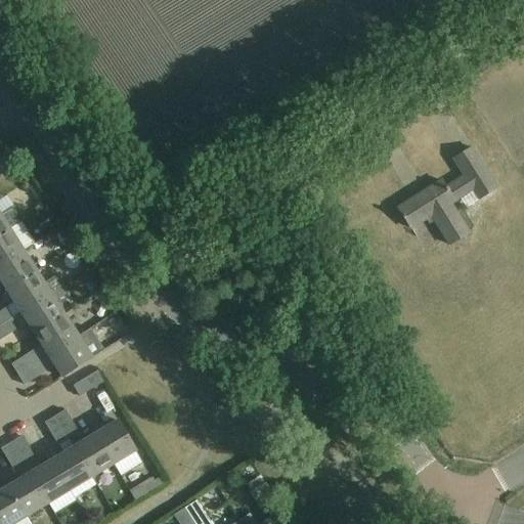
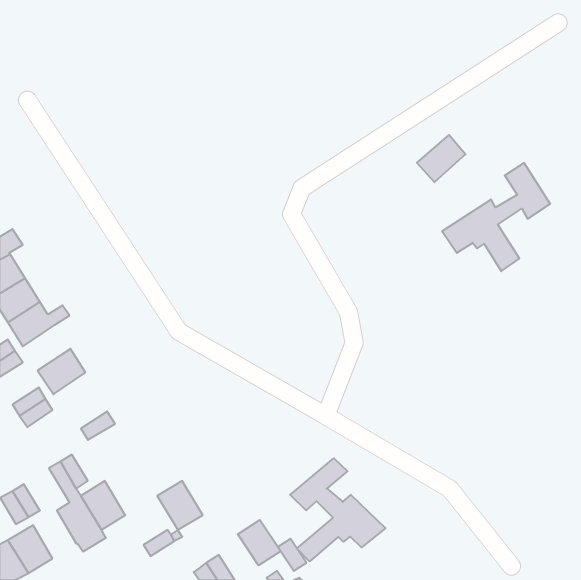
building: none -> [417,135,466,182]
building: [20,283,68,333] -> none
building: [48,326,103,376] -> none
building: none -> [290,458,385,561]
building: [94,419,135,463] -> [157,481,203,530]
building: [30,458,69,501] -> none
building: none -> [238,520,281,565]

